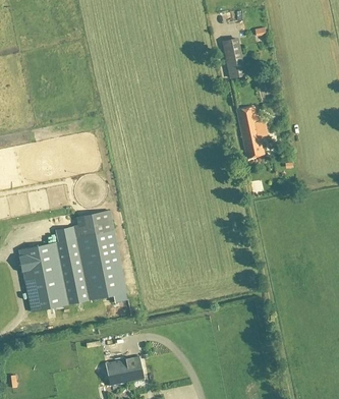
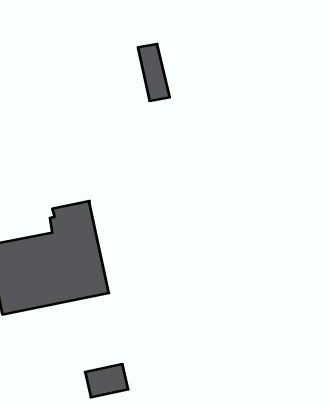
building: [222,39,243,77] -> none
building: [236,107,265,158] -> [138,44,170,101]

